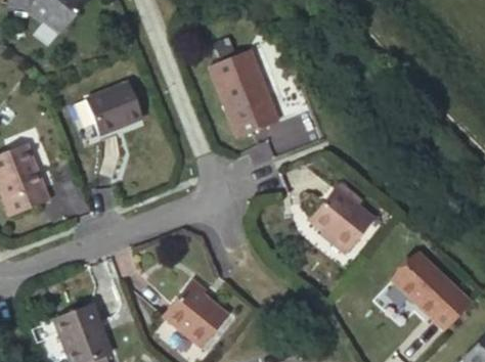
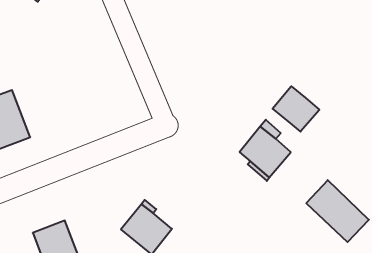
building: [210,50,278,138] -> none
building: [84,81,142,135] -> none
building: none -> [273,86,319,132]

